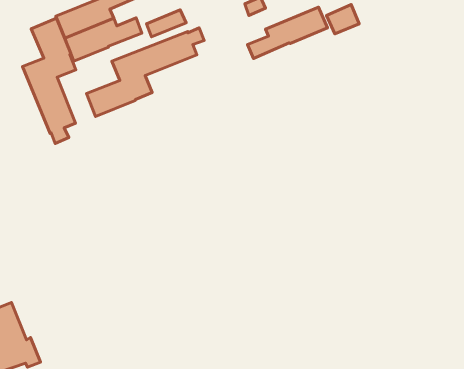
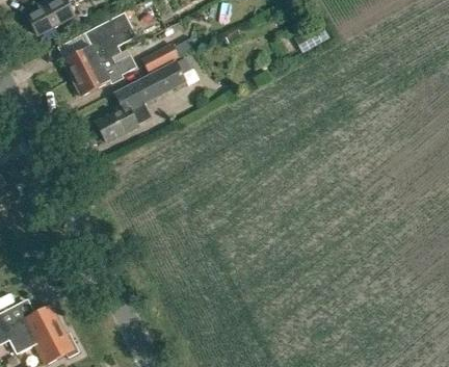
building: [247,7,328,58] -> none
building: [22,18,76,143] -> none

